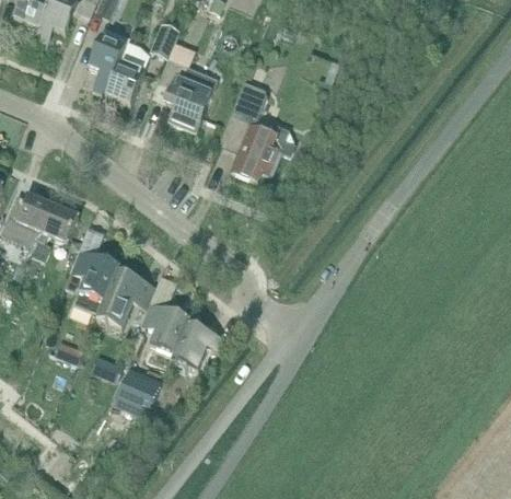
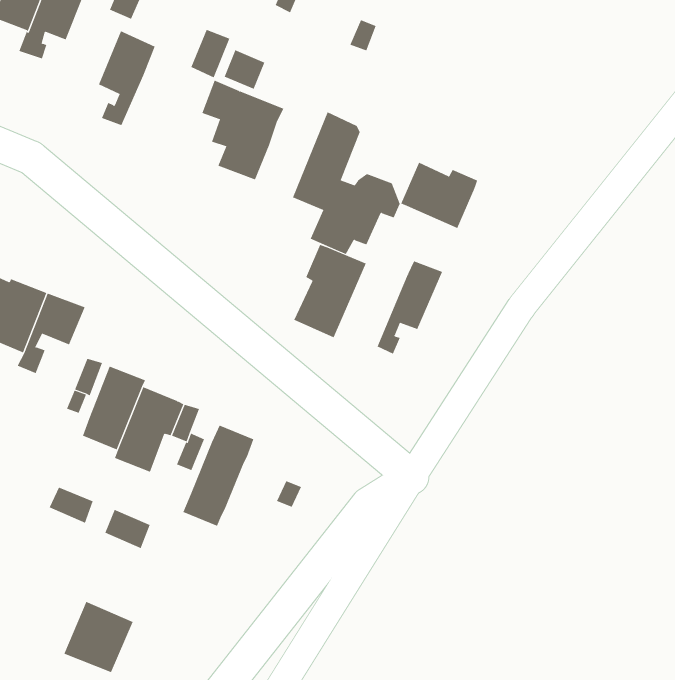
building: [103,44,146,101] -> none
building: none -> [400,162,478,229]
building: none -> [294,244,366,338]
building: none -> [377,261,443,355]
building: [172,322,211,368] -> none
building: [113,368,161,417] -> [64,601,134,673]

